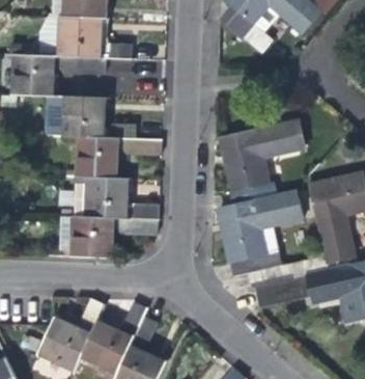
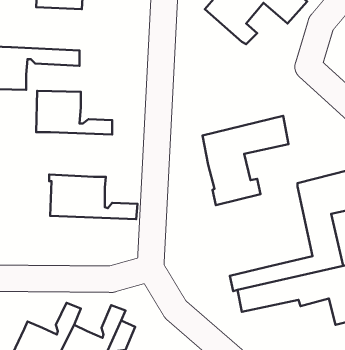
building: [38,17,132,59] -> none
building: [75,136,162,179] -> none
building: [218,191,302,276] -> none
building: [56,216,158,259] -> none

